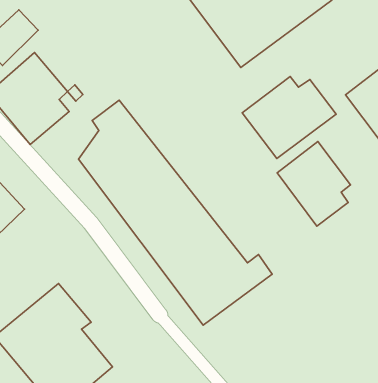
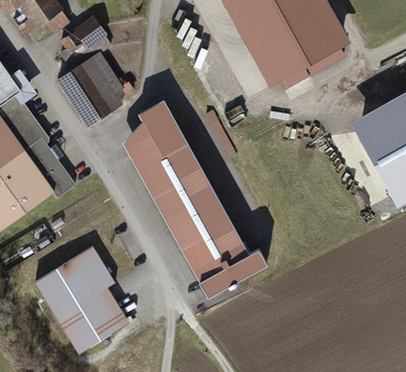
building: [242,77,336,158] -> none
building: [277,141,351,226] -> none

